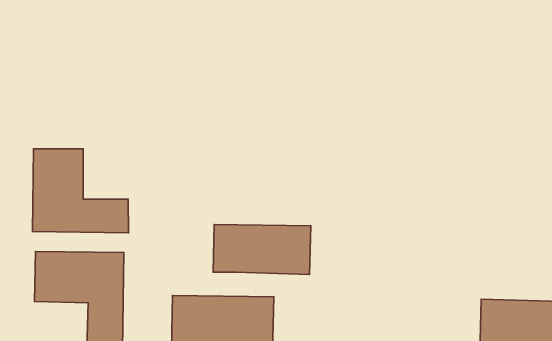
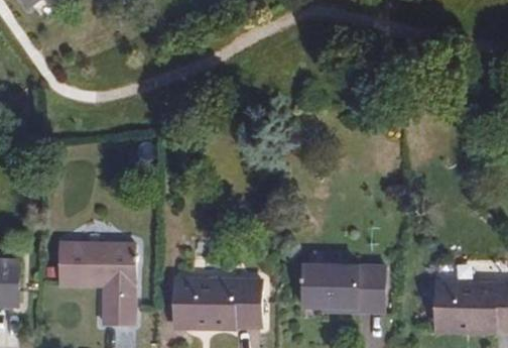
building: [32,149,128,233] -> none
building: [213,224,311,275] -> [302,265,385,308]

